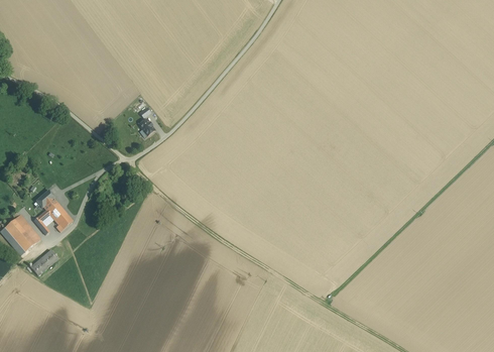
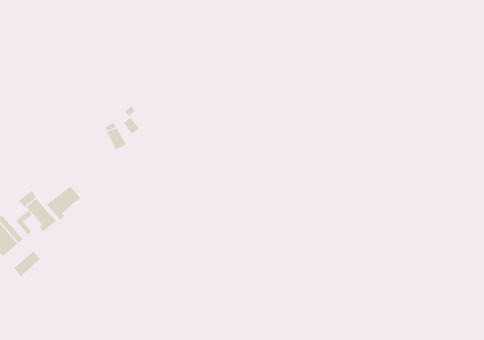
building: none -> [46,186,81,221]

